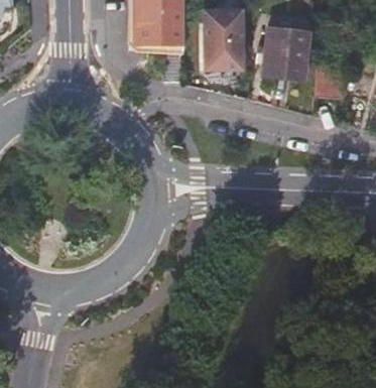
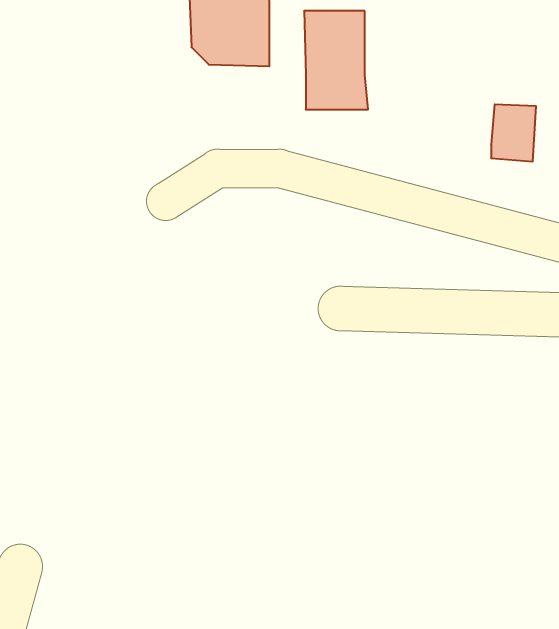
building: [261,29,305,78] -> none

